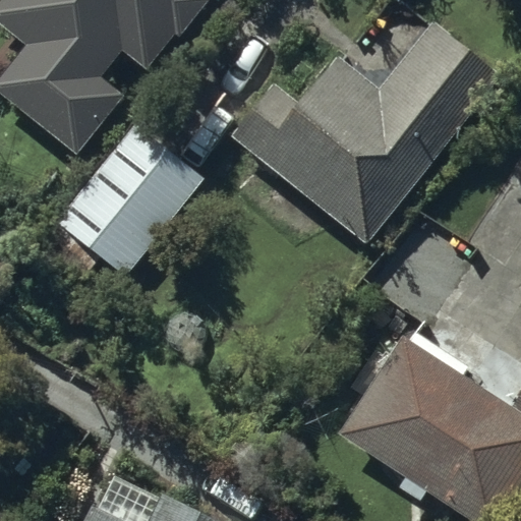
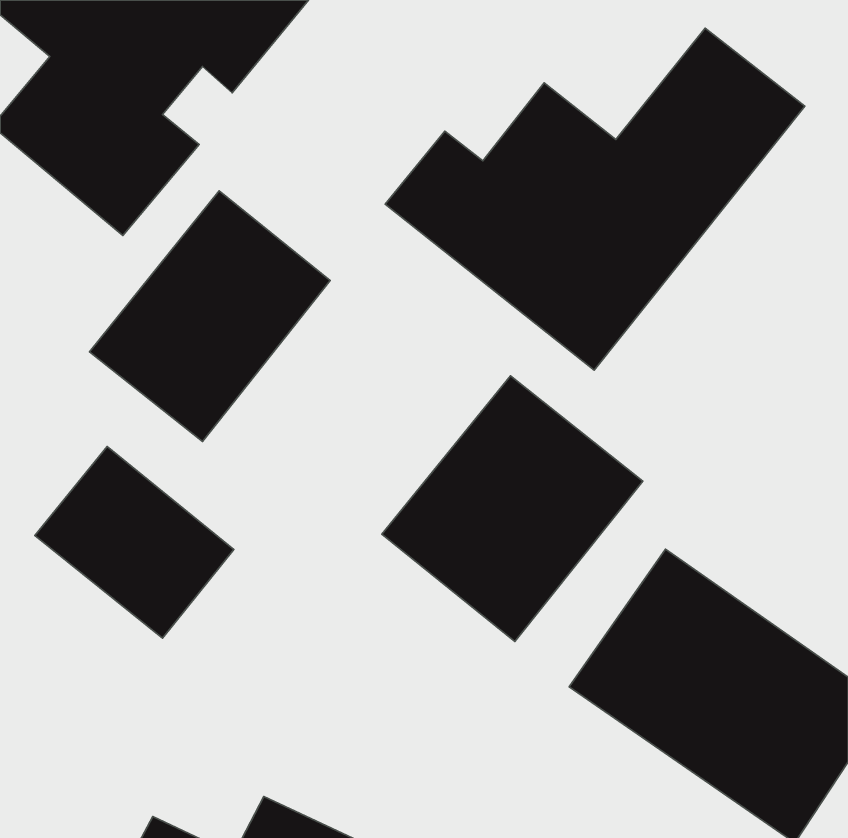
building: none -> [382,376,643,641]
building: none -> [35,447,234,638]

